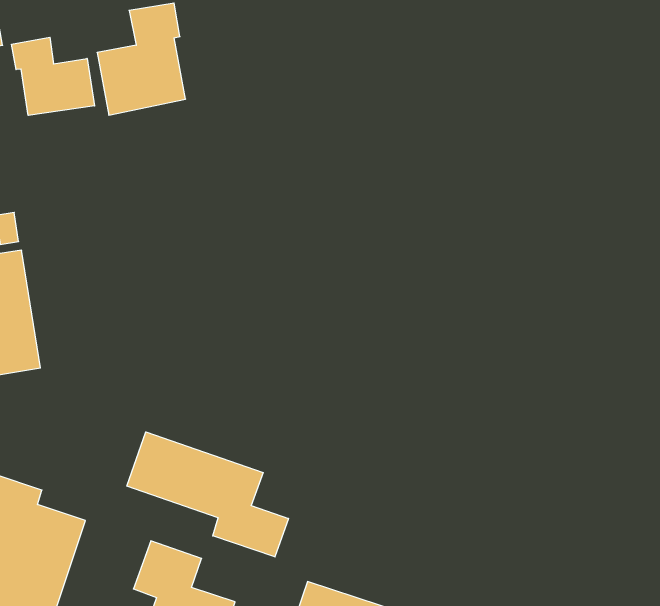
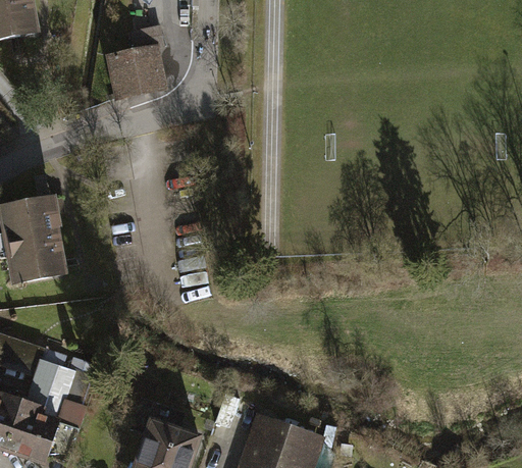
building: [12,37,95,115] -> none
building: [127,432,288,557] -> none

